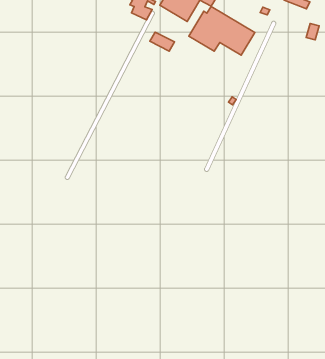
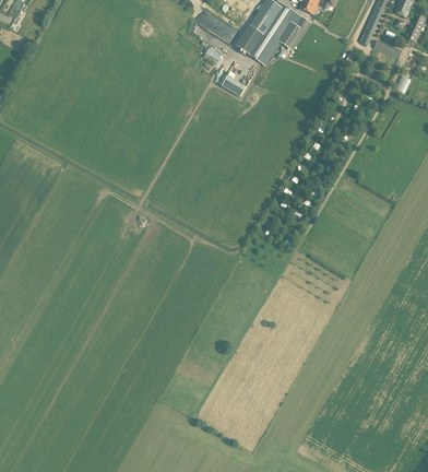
building: [189,7,255,55] -> none

